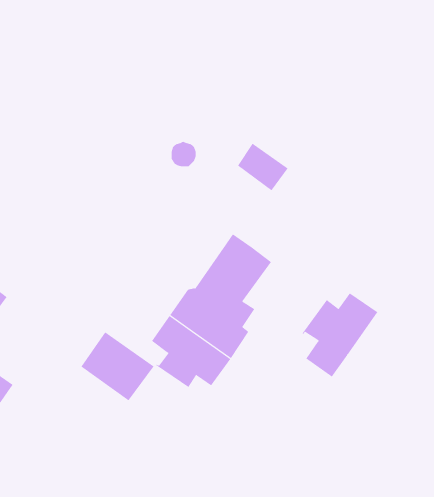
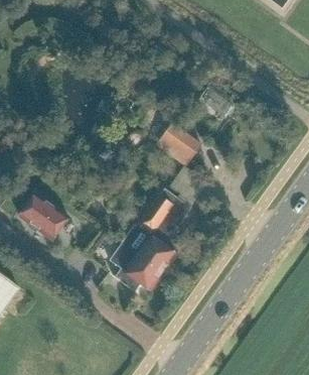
building: [302,292,378,378] -> none
building: [81,332,155,401] -> [18,192,67,238]

